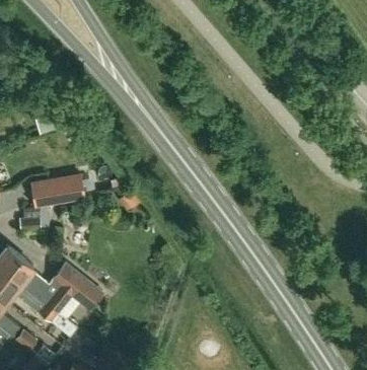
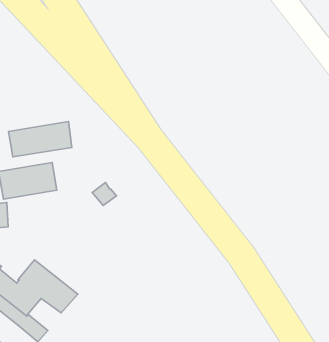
building: none -> [9,122,72,157]

